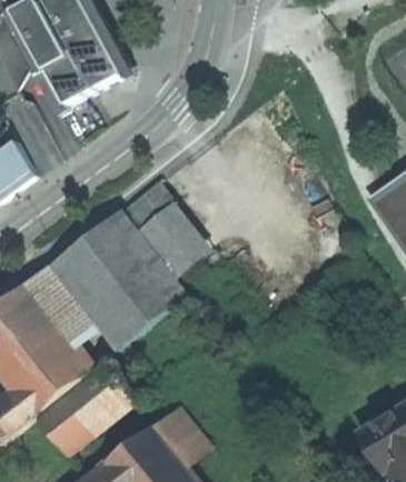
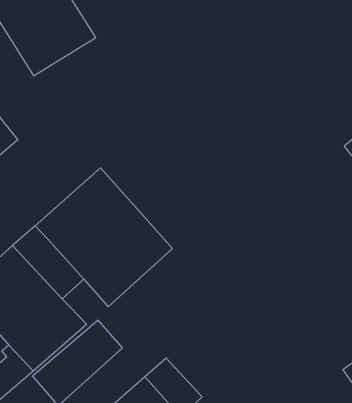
building: [119,177,218,297] -> none

